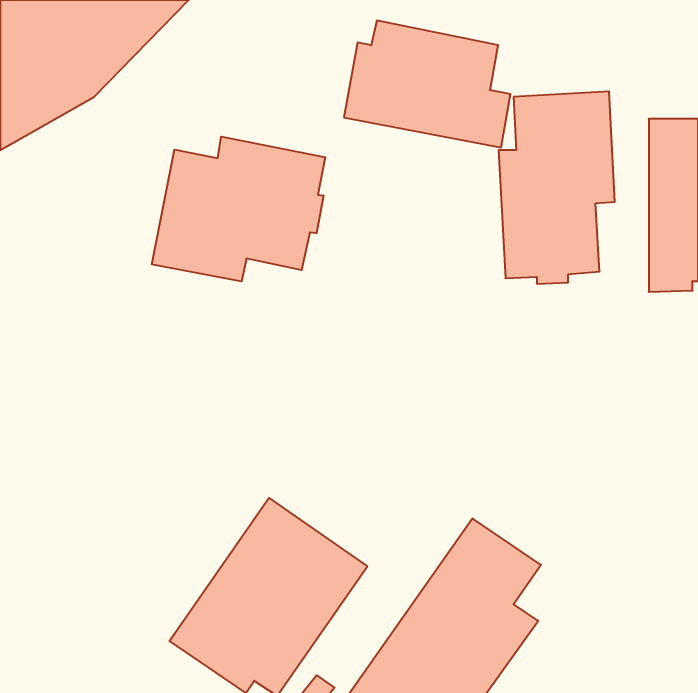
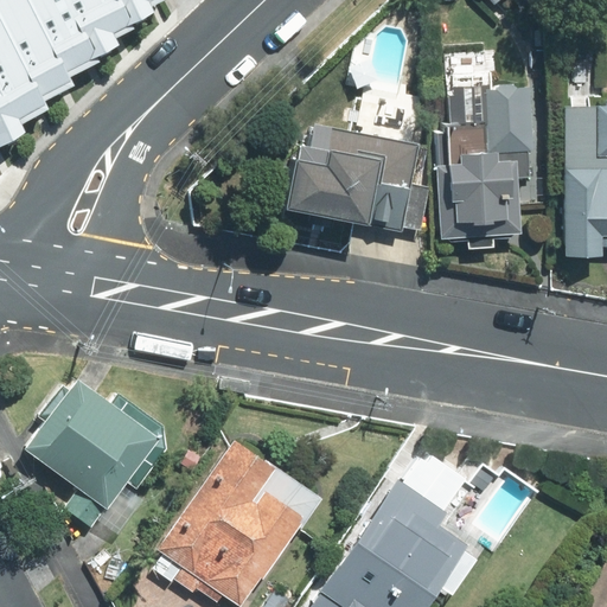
building: [344,21,511,147] -> [285,124,429,235]
building: [152,137,325,281] -> none
building: none -> [32,383,166,528]

